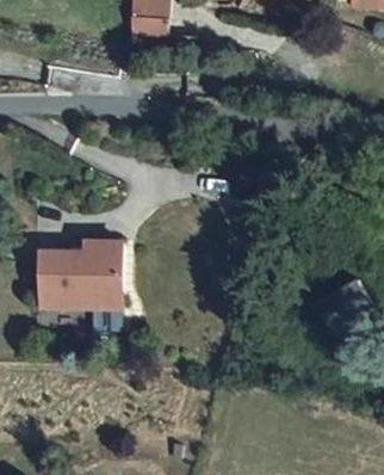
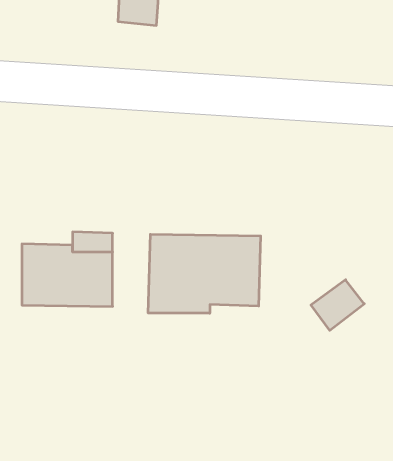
building: none -> [148,234,261,313]

